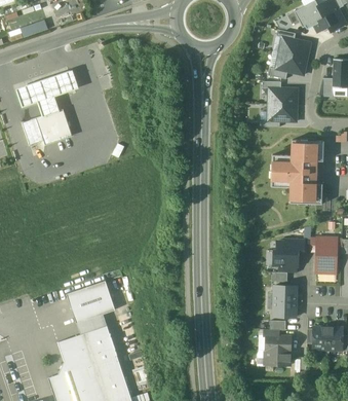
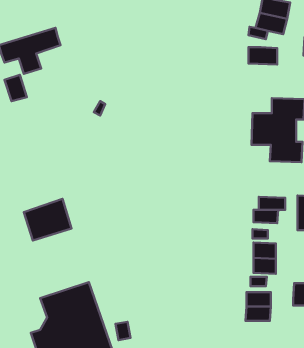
building: [267,105,297,122] -> none
building: [37,109,71,143] -> none
building: [67,281,115,323] -> [24,199,72,241]

